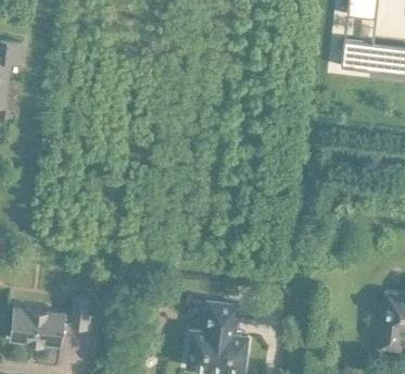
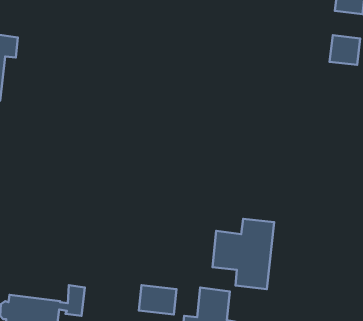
building: none -> [213,219,274,289]
building: none -> [139,285,176,314]

